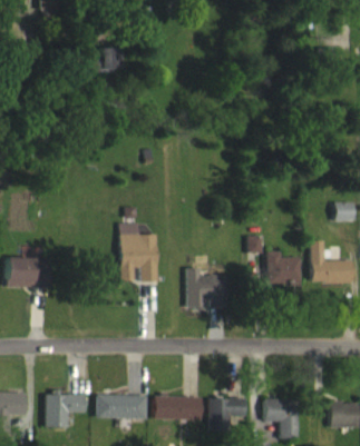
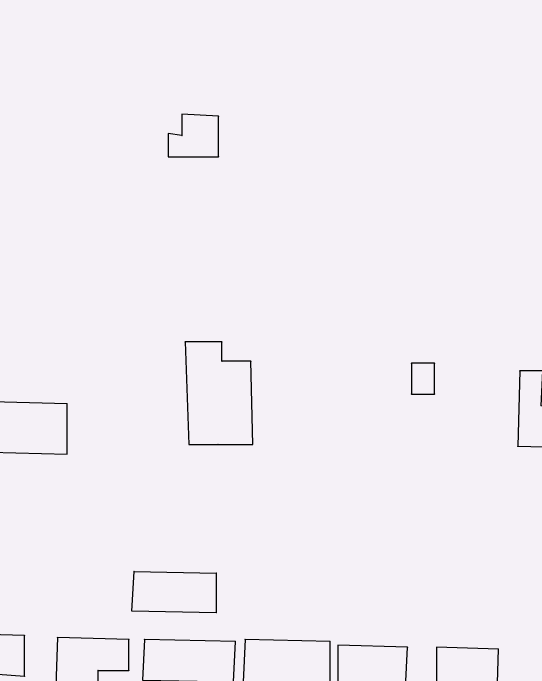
building: [94,46,123,70] -> [168,114,219,157]
building: [266,251,303,286] -> none
building: [187,268,227,309] -> none
building: none -> [132,571,216,613]

